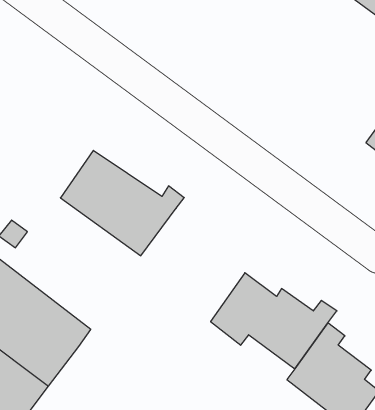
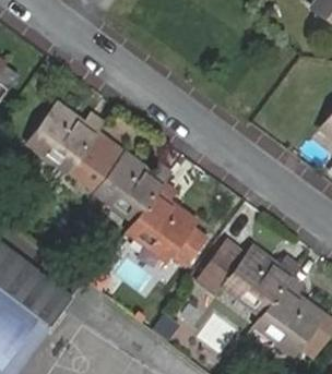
building: none -> [27,102,102,173]
building: none -> [126,182,202,265]

